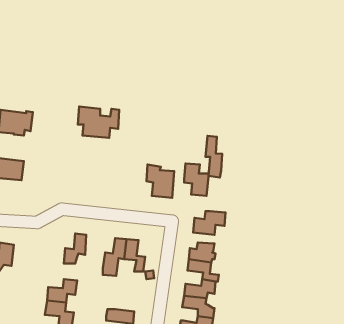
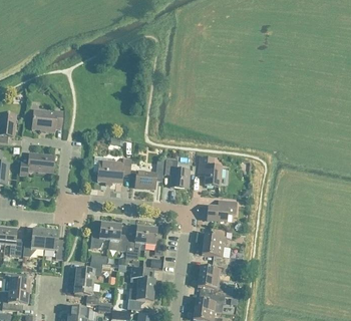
building: [78,107,119,138] -> [93,154,130,183]
building: [205,136,222,177] -> none
building: none -> [134,159,163,188]
building: none -> [107,221,127,251]
building: none -> [43,230,64,259]
building: none -> [129,267,154,290]

